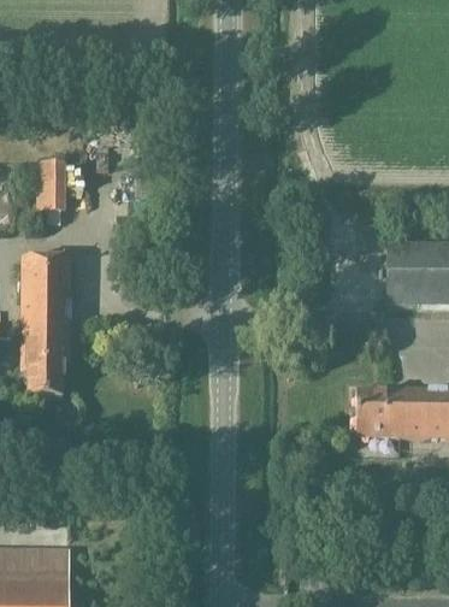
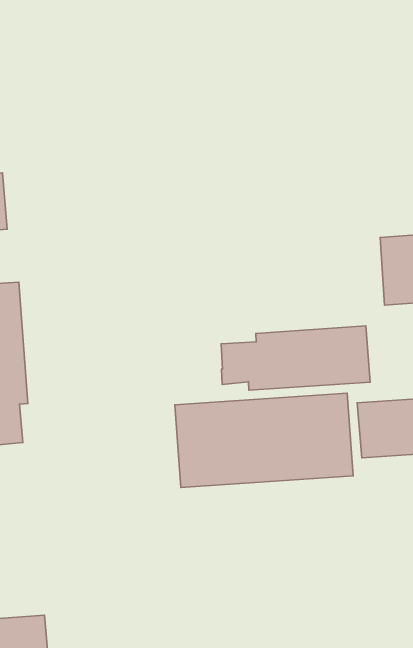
building: none -> [221,326,370,390]
building: none -> [175,393,353,487]

